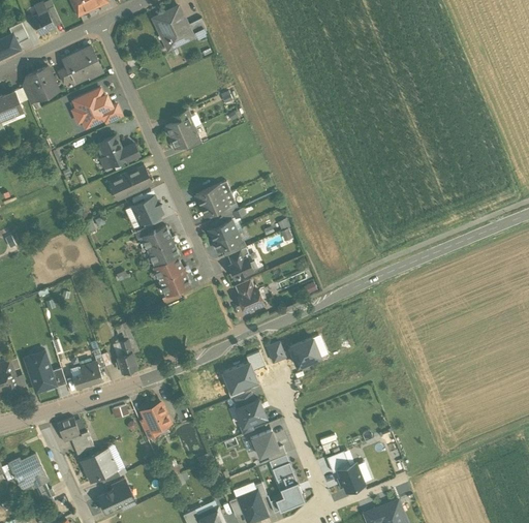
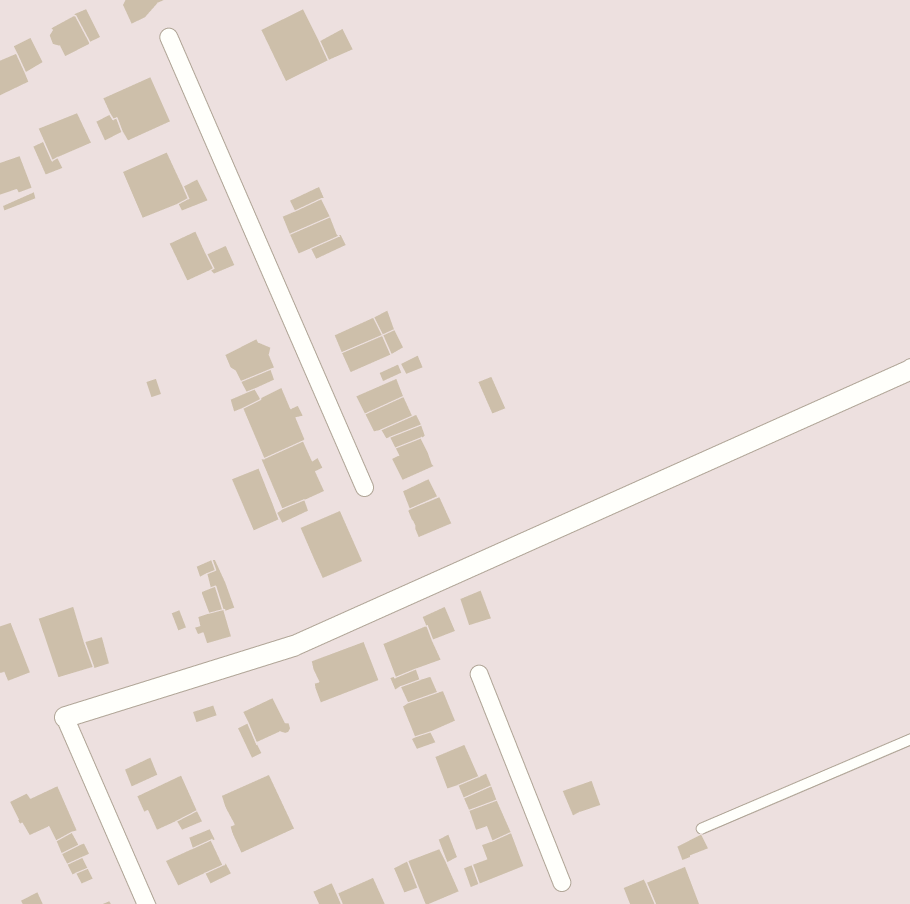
building: [113,165,150,195] -> none
building: none -> [231,468,279,531]
building: none -> [300,510,363,579]
building: [288,338,319,367] -> none
building: [71,361,101,387] -> none
building: none -> [311,641,379,703]
building: [56,418,89,444] -> none
building: none -> [221,774,295,854]
building: [336,462,364,491] -> none

